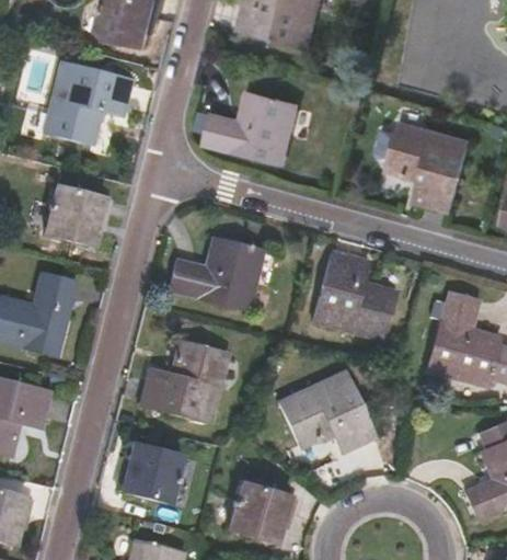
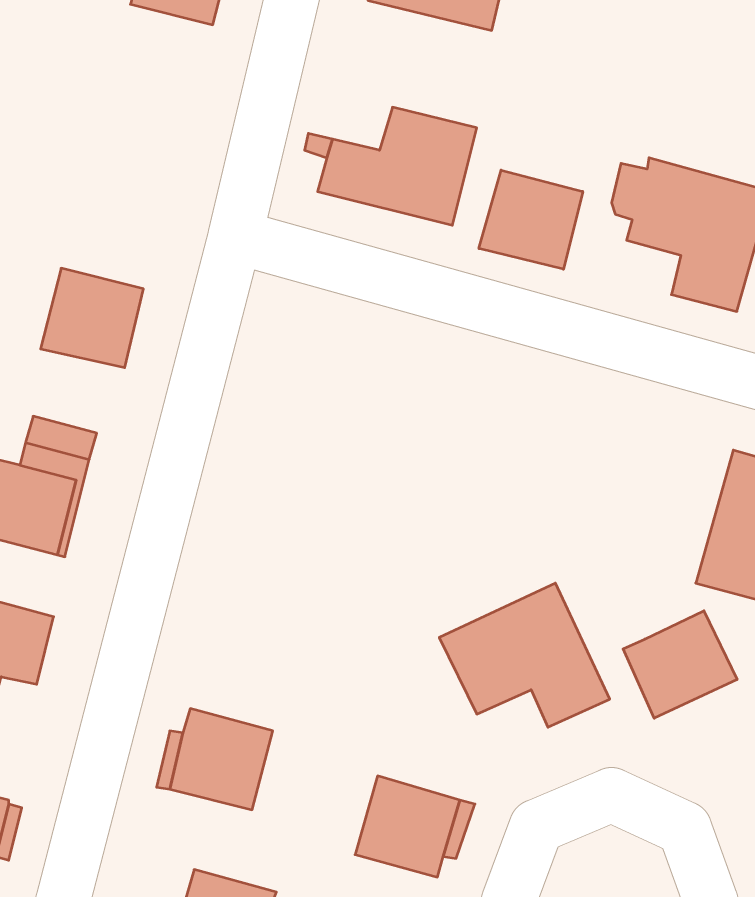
building: [44,58,134,145] -> none
building: none -> [479,170,583,269]
building: [170,239,263,309] -> none
building: [312,249,397,341] -> none
building: [139,340,229,423] -> none
building: none -> [623,611,737,718]

